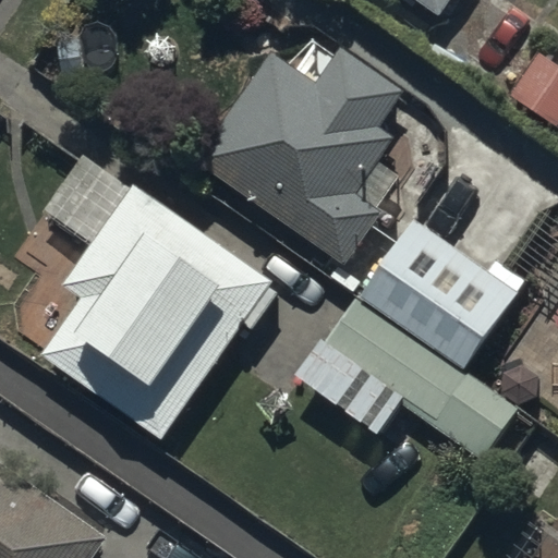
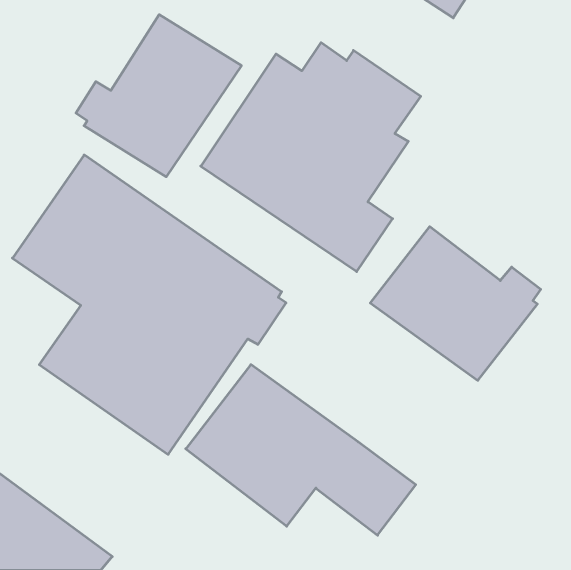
building: none -> [76,15,241,177]
building: [296,294,520,460] -> [186,365,416,535]

